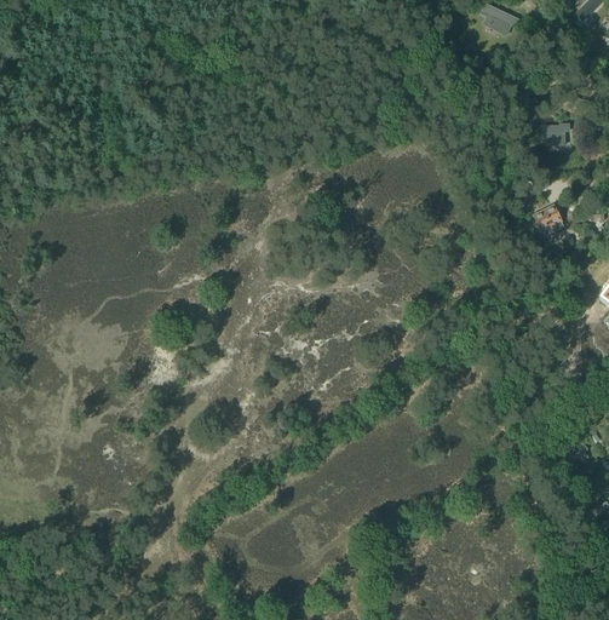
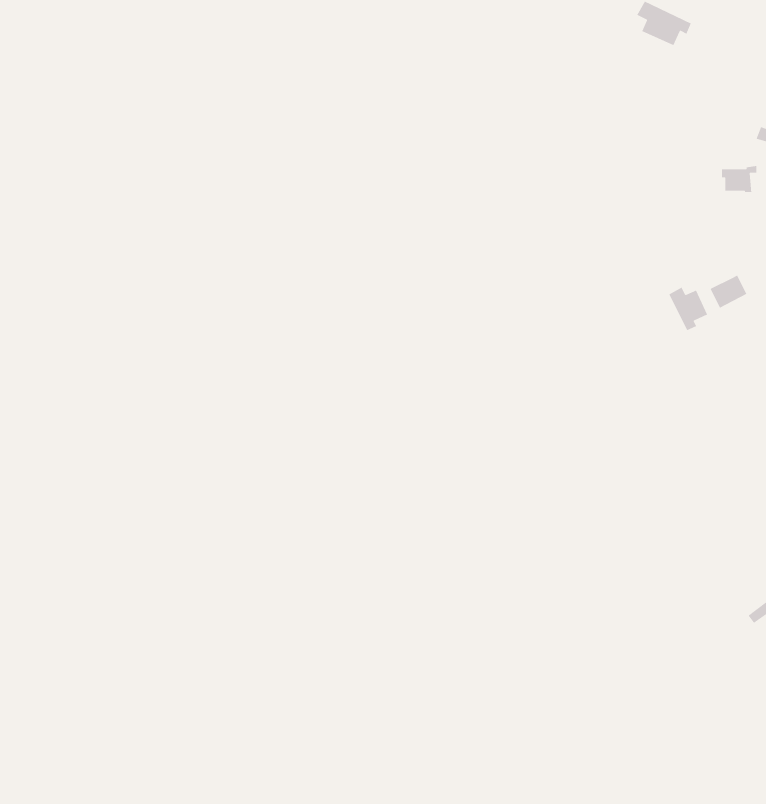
building: none -> [668,287,708,331]

